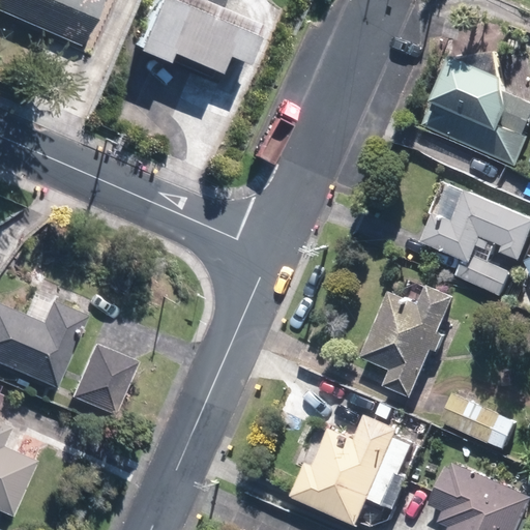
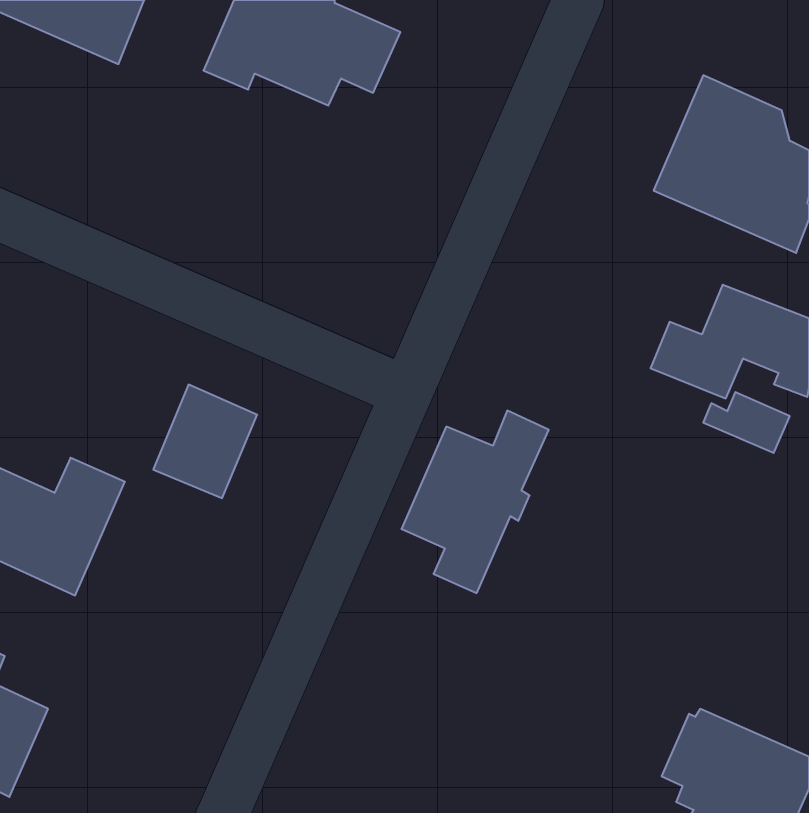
building: [361,279,457,398] -> [401,411,549,593]
building: [65,342,132,415] -> [153,385,257,498]
building: [439,392,517,450] -> none
building: [292,412,411,523] -> none

